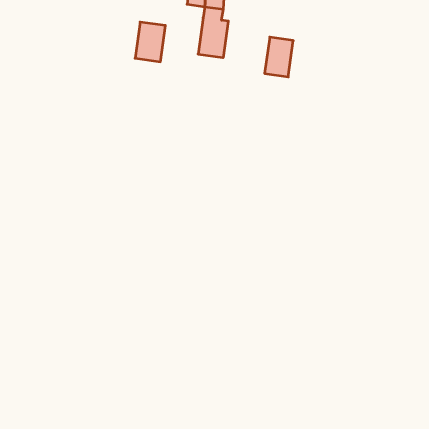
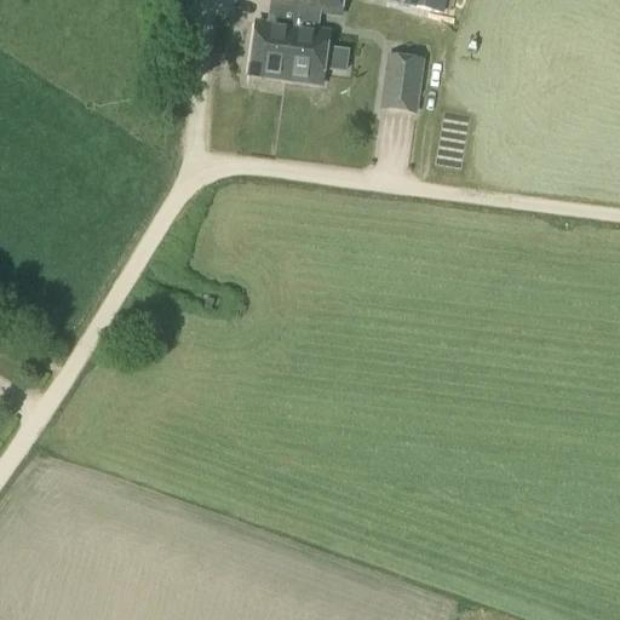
building: [135,22,165,62] -> [251,21,294,78]

